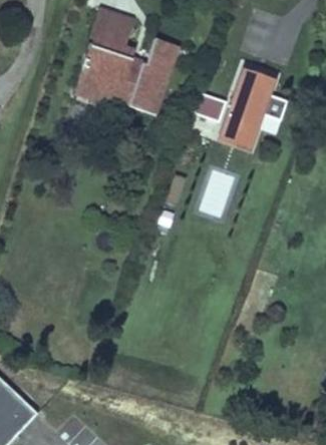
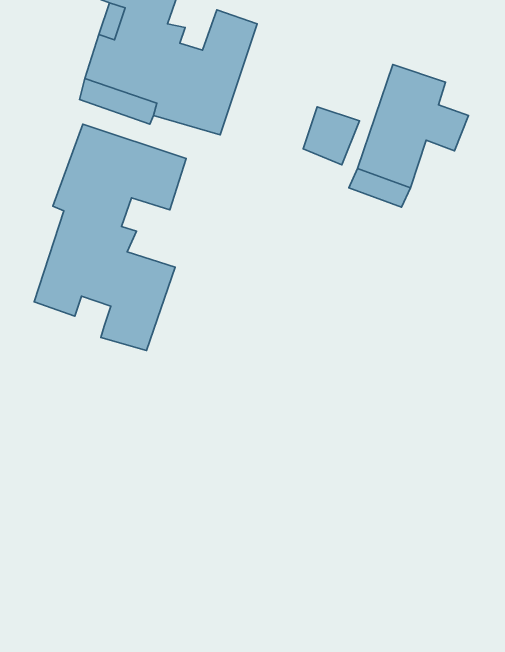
building: none -> [34,124,186,350]

